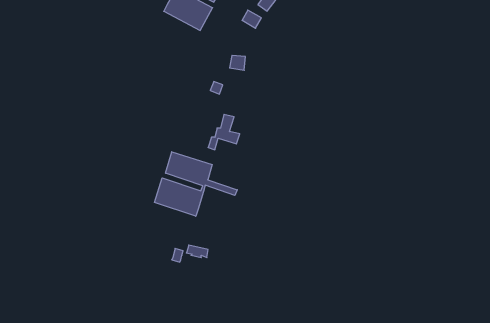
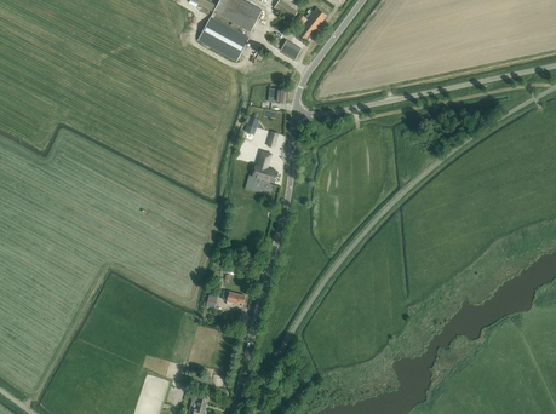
building: [154,152,237,216] -> none

